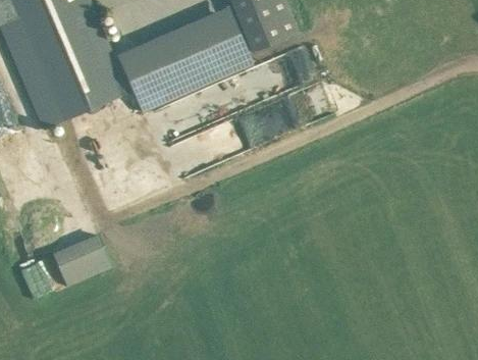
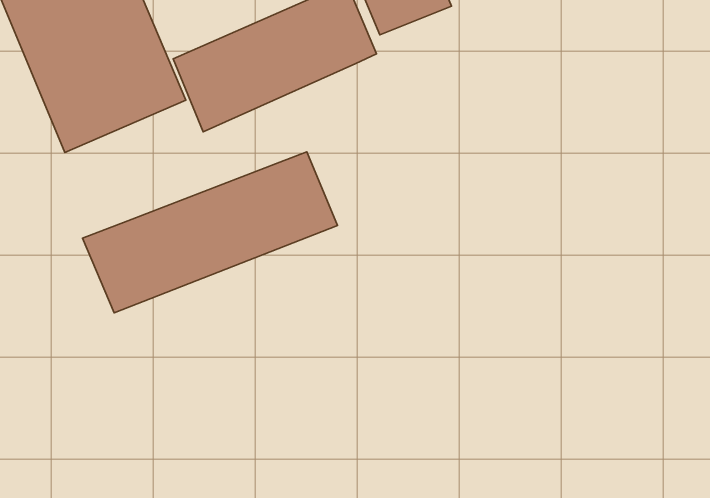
building: none -> [82,152,337,313]
building: [50,234,110,286] -> none

